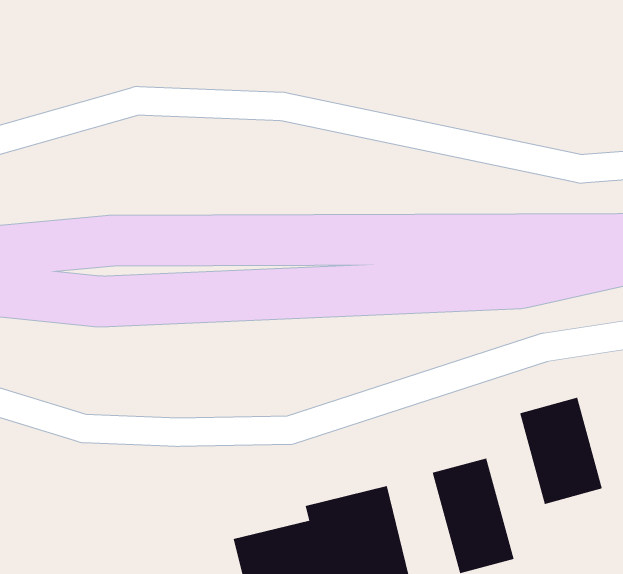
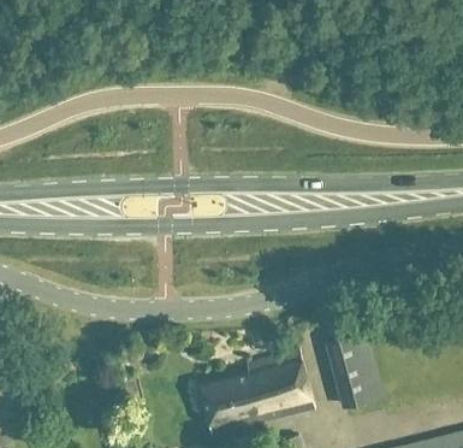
building: [520,397,603,505] -> none

